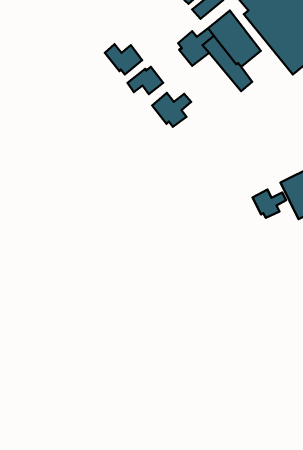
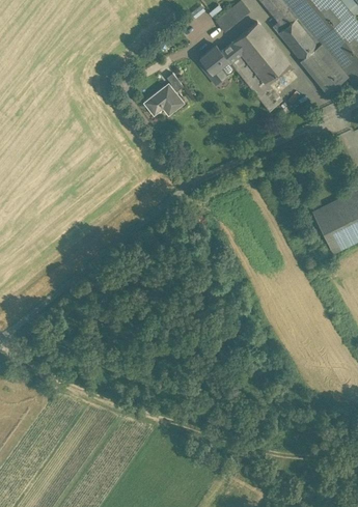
building: [105,44,142,74] -> none
building: [152,93,191,127] -> none
building: [253,189,286,218] -> none

